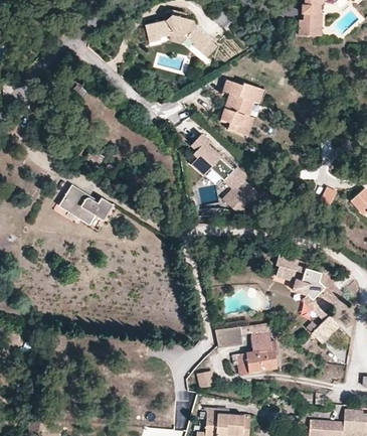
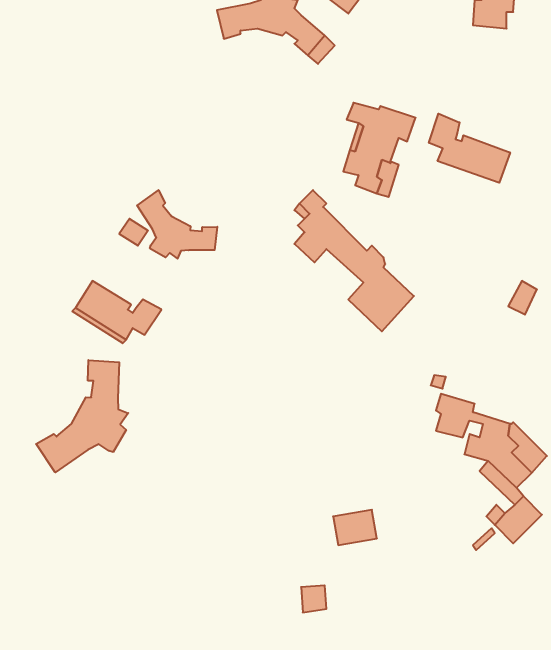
building: none -> [429,114,510,183]
building: none -> [137,190,217,259]
building: none -> [36,360,128,472]
building: [231,333,277,376] -> none

